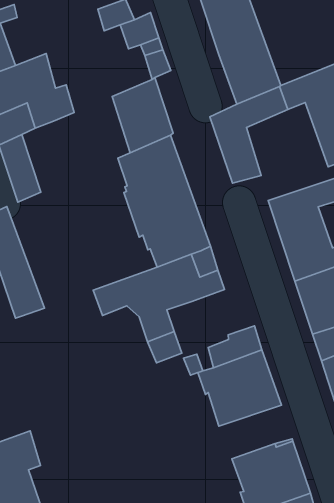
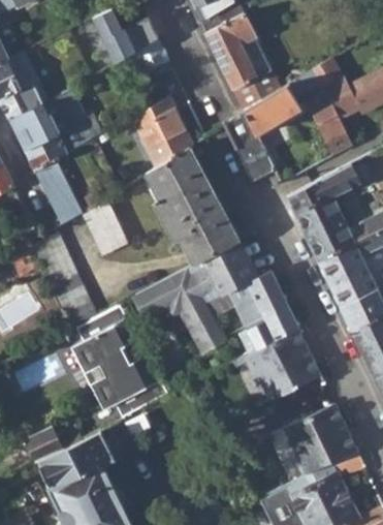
building: none -> [82,202,127,255]
building: none -> [228,273,287,329]
building: none -> [70,305,167,416]

